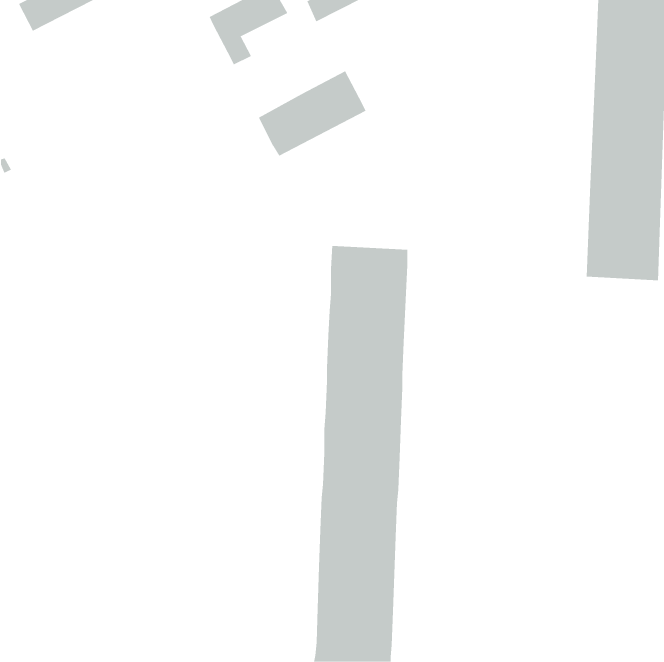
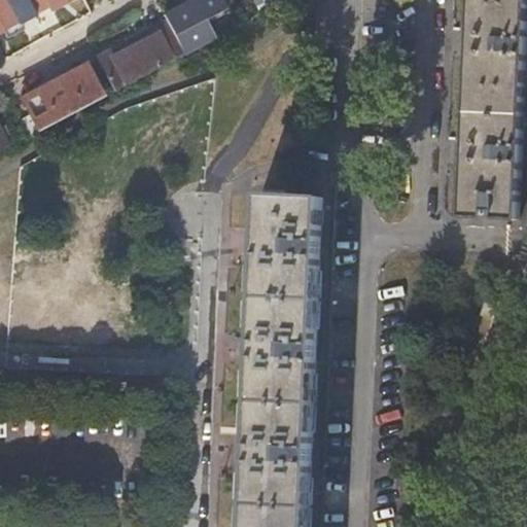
building: [258,70,366,157] -> [101,20,186,87]
building: none -> [25,61,106,127]

